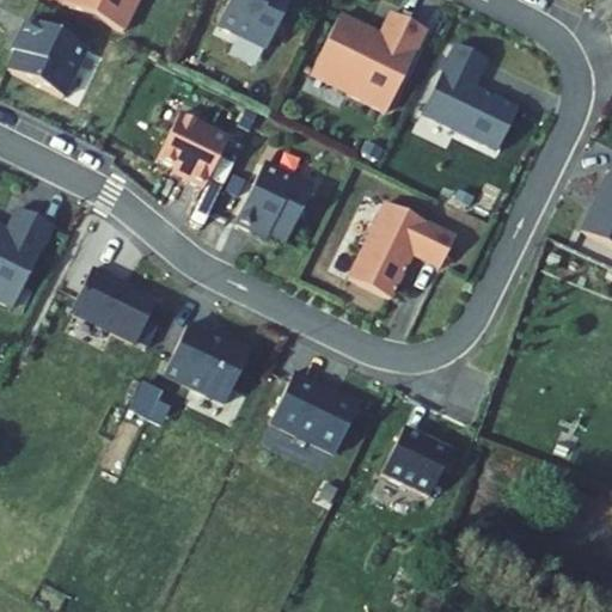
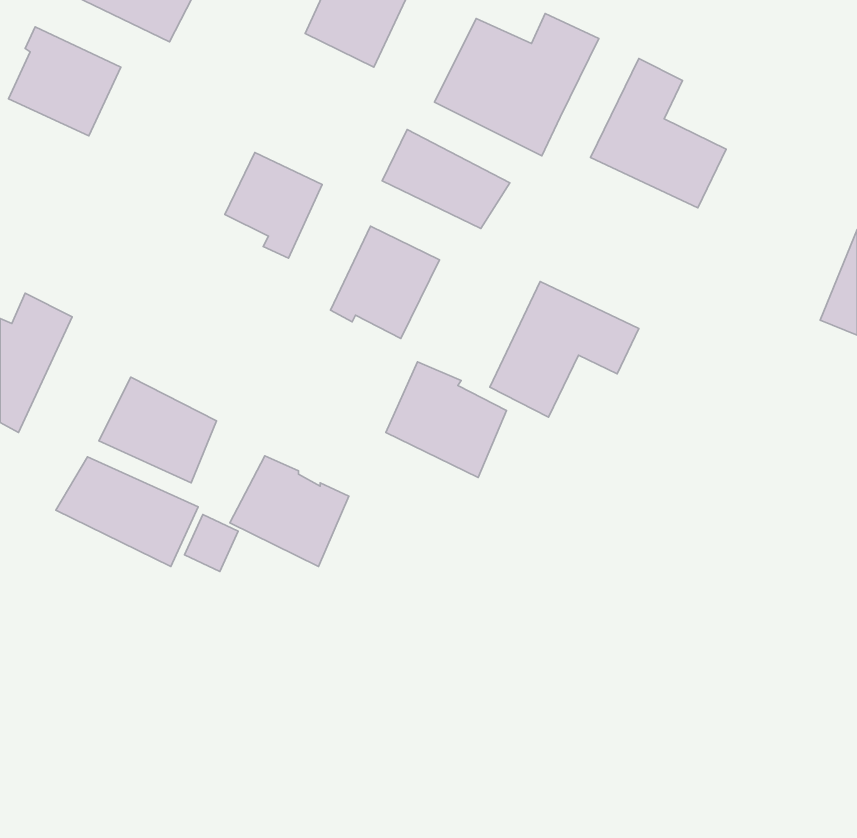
building: none -> [382,129,510,229]
building: none -> [56,457,198,566]
building: [273,371,359,453] -> [386,362,507,478]
building: [384,426,453,495] -> none

